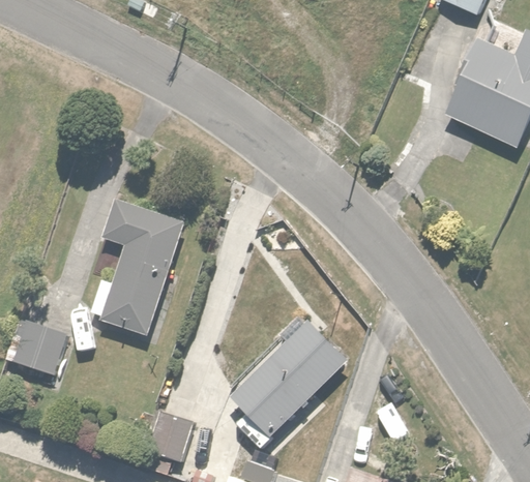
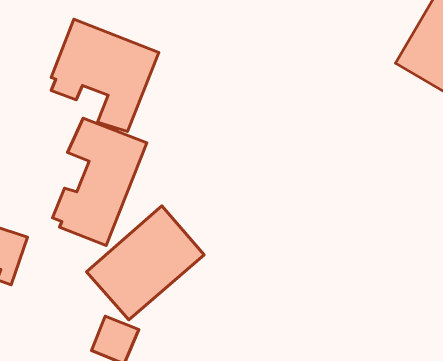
building: none -> [51,19,159,131]
building: [224,310,348,435] -> [87,206,204,320]

